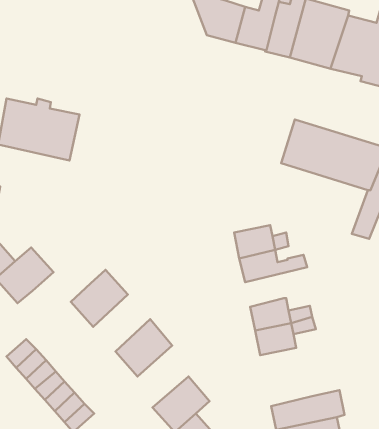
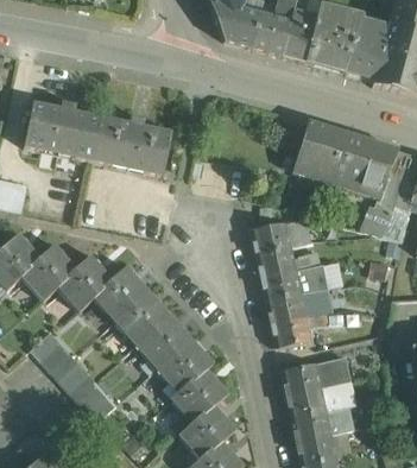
building: none -> [91,118,171,176]
building: none -> [56,255,112,310]
building: none -> [260,264,327,302]
building: none -> [114,290,169,344]
building: none -> [157,339,211,392]
building: none -> [280,356,350,397]

